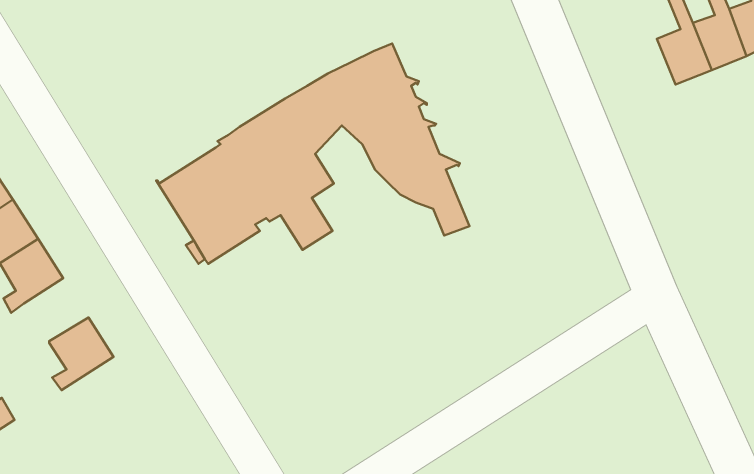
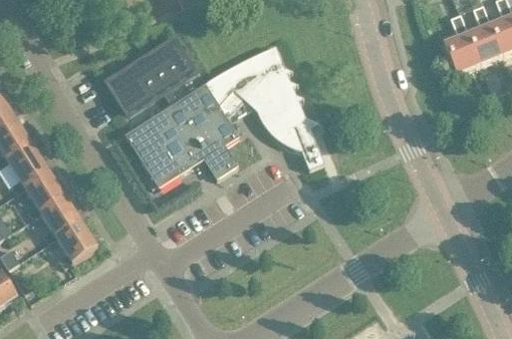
building: none -> [109,39,196,112]
building: none -> [40,196,81,242]

